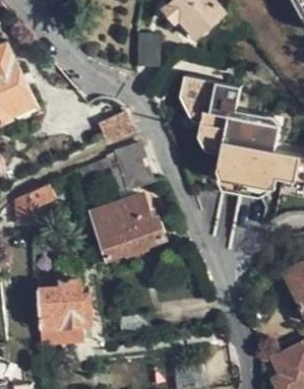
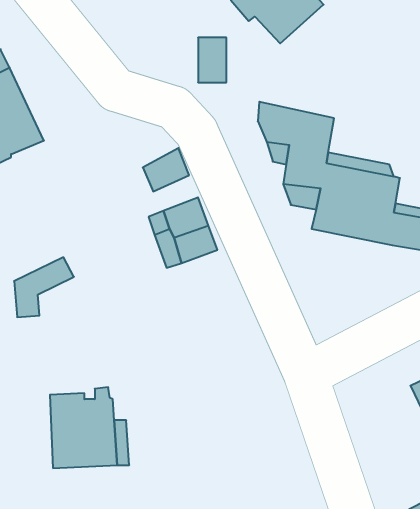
building: [214,166,271,197] -> none
building: [90,195,164,260] -> none

